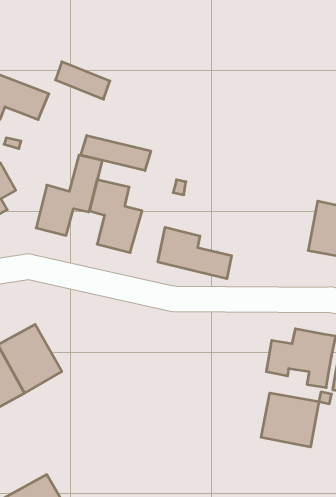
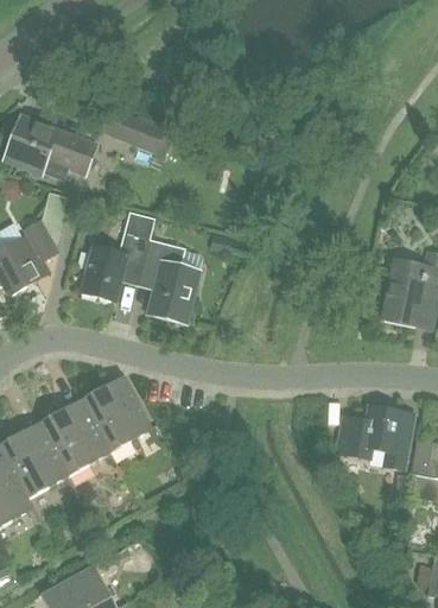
building: [81,135,151,171] -> none
building: [158,227,232,279] -> none
building: none -> [80,376,151,452]
building: [261,393,319,447] -> none

